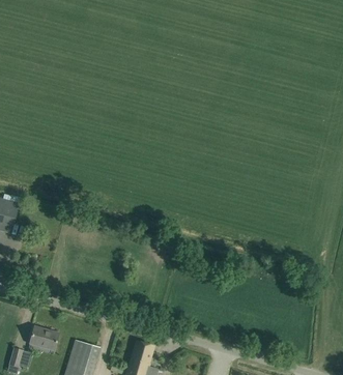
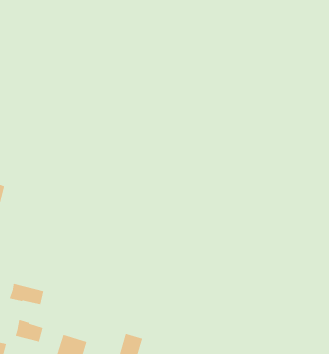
building: none -> [9,283,44,305]

